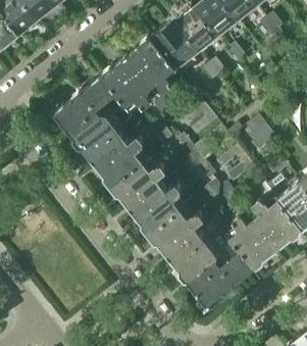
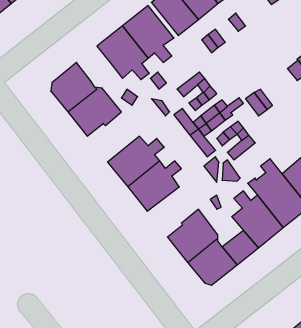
building: [83,76,115,108] -> none
building: [93,136,145,186] -> none
building: [150,209,204,257] -> none

